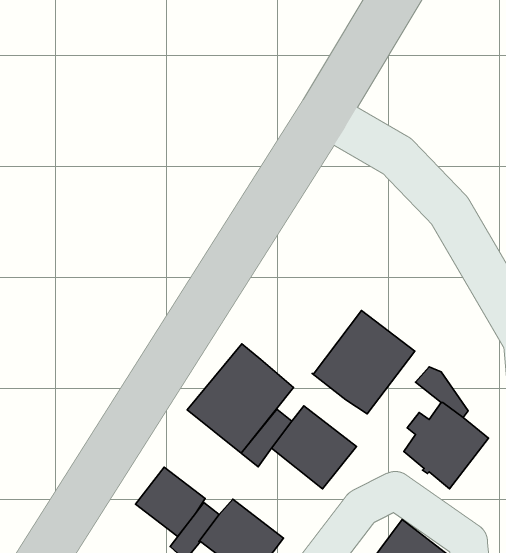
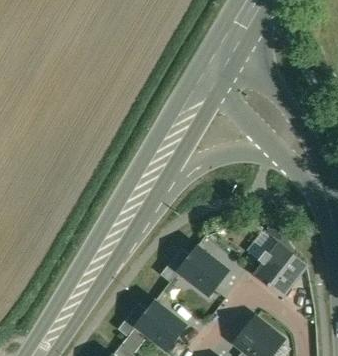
building: [312,311,415,414] -> none
building: [187,344,294,453] -> none
building: [136,467,205,537] -> none

